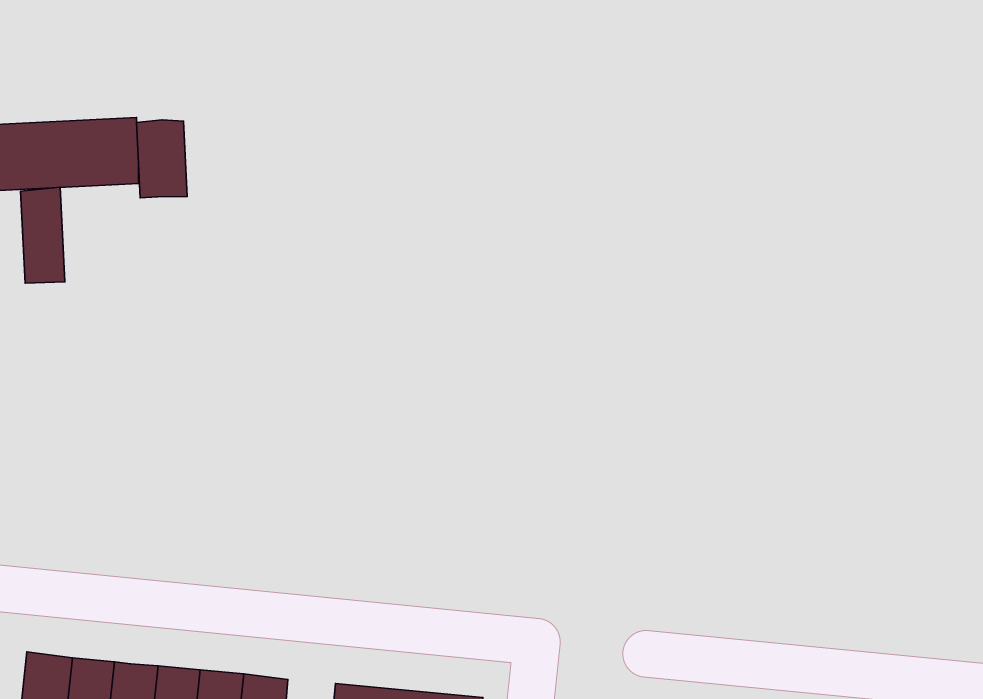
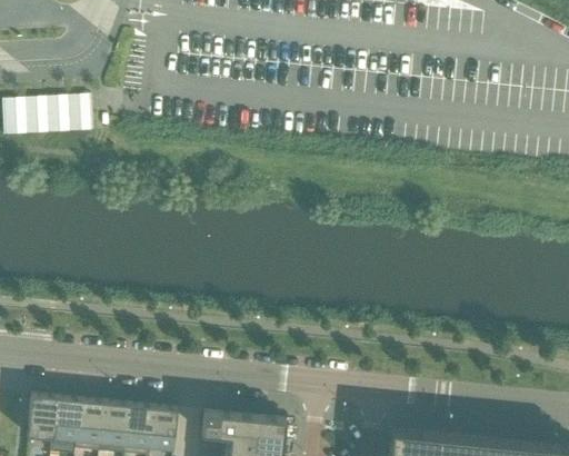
building: [137,120,187,198] -> none
building: [21,187,65,283] -> none

